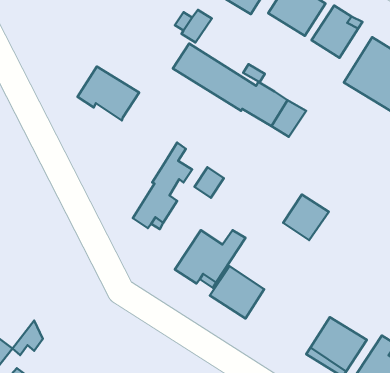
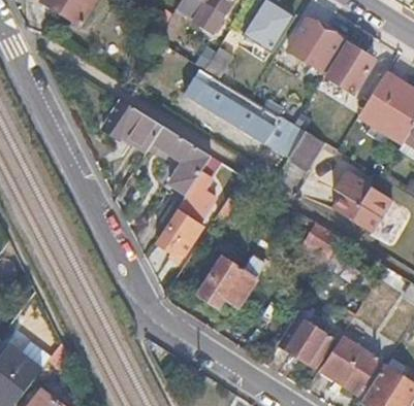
building: none -> [148,125,211,194]
building: none -> [336,172,393,233]
building: [210,266,264,318] -> [280,317,331,367]

